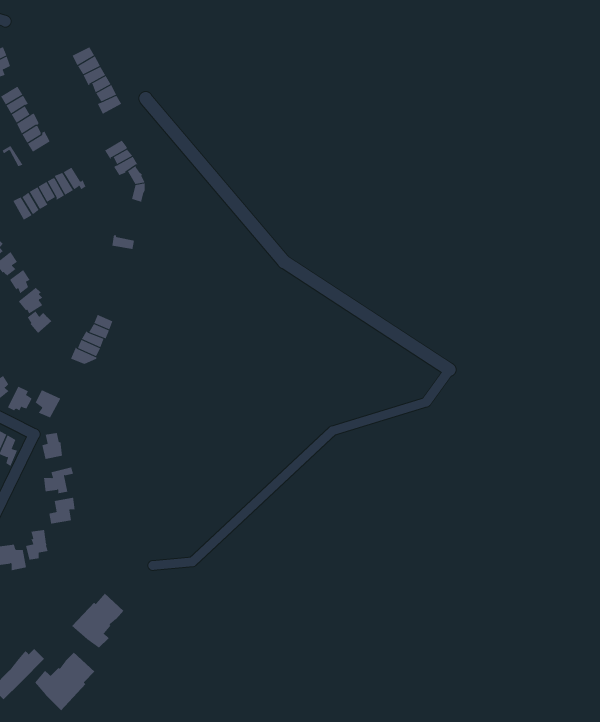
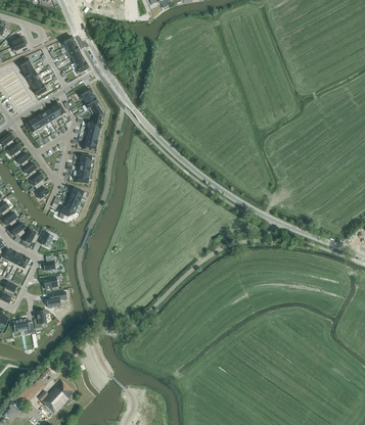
building: [71,593,124,649] -> none

